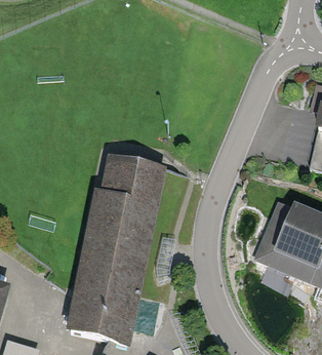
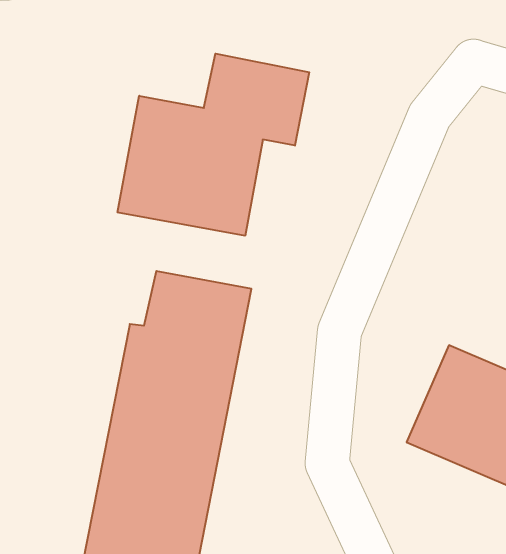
building: none -> [118,54,309,236]

